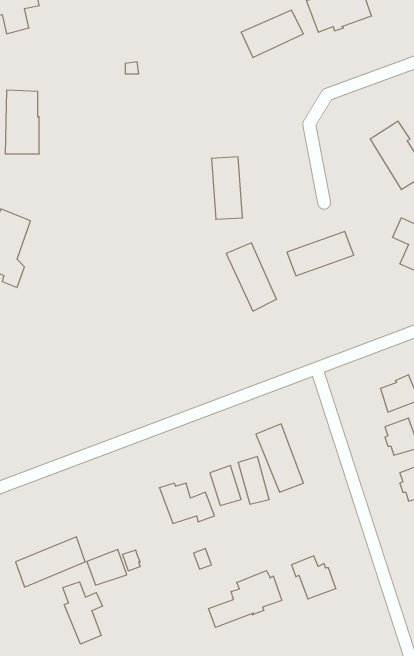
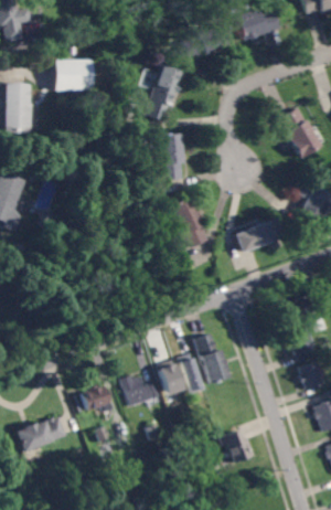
building: none -> [54,59,92,89]
building: none -> [147,66,181,120]
building: [287,231,354,276] -> [236,219,286,252]
building: [87,550,127,585] -> [82,384,111,411]
building: [208,571,282,627] -> none
building: [63,582,102,644] -> none

